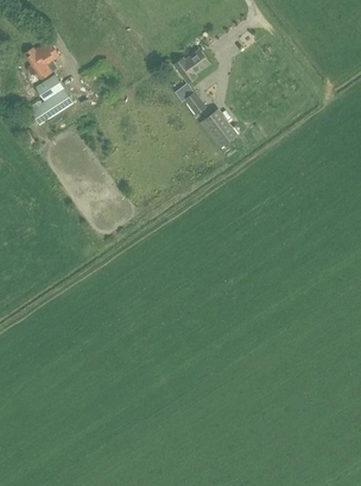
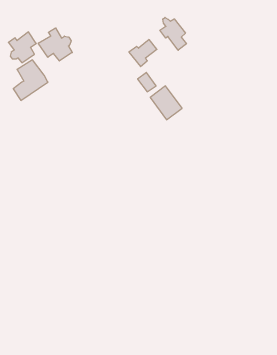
building: none -> [160,17,186,50]
building: none -> [38,28,72,61]

